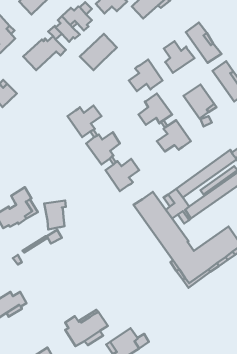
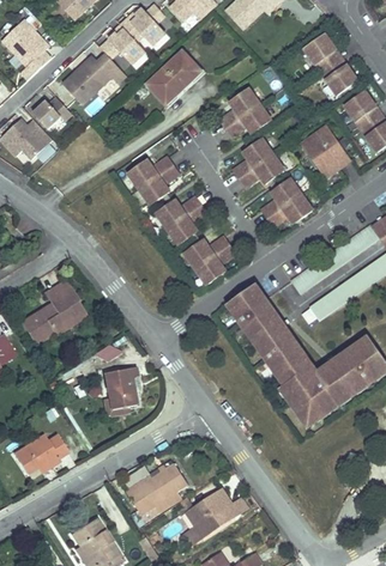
building: [164,41,194,73] -> none
building: none -> [34,97,72,128]
building: [44,200,66,229] -> [104,365,137,408]

